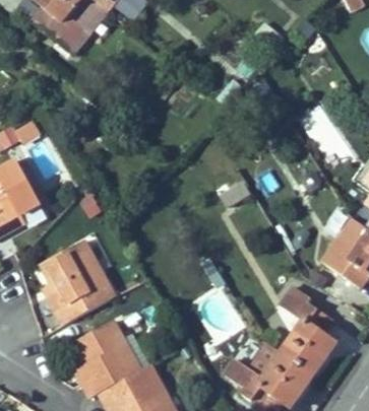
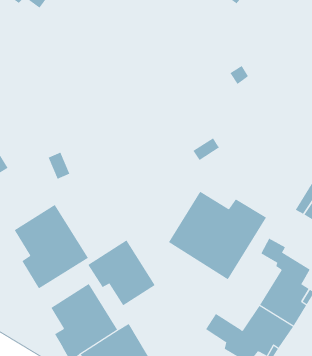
building: none -> [168,191,267,280]
building: none -> [87,239,156,306]

